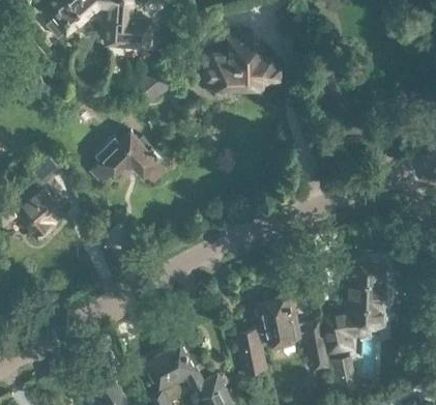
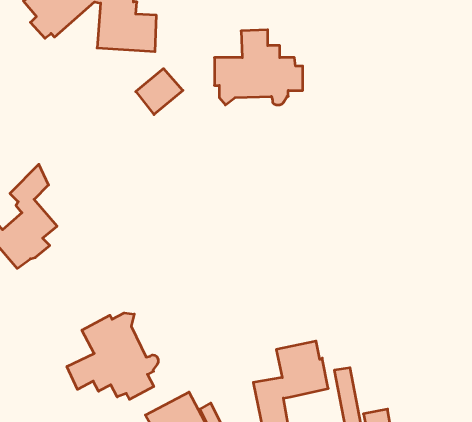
building: [88,132,169,185] -> none
building: [320,263,393,356] -> none
building: none -> [67,313,158,399]

